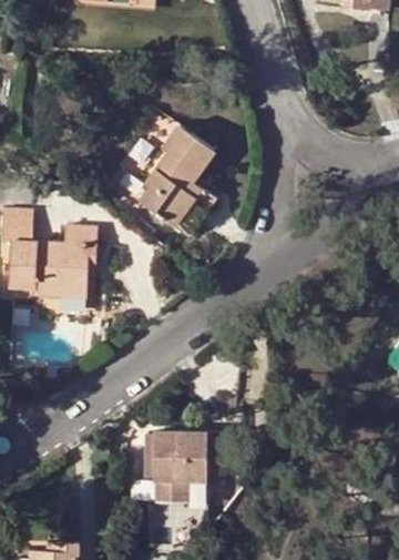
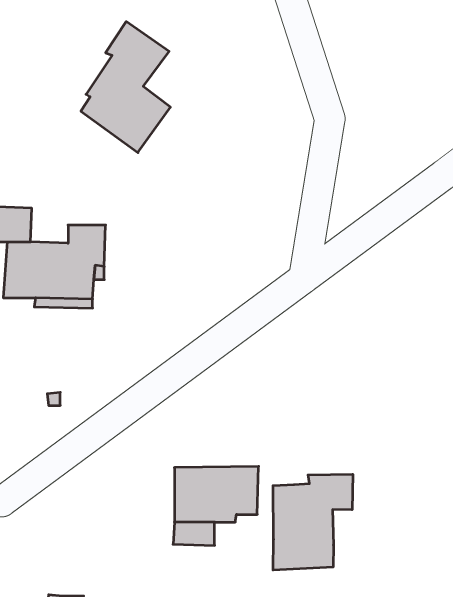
building: [139,126,215,238] -> [81,22,170,153]
building: none -> [273,474,353,570]

